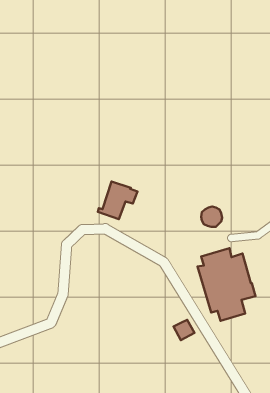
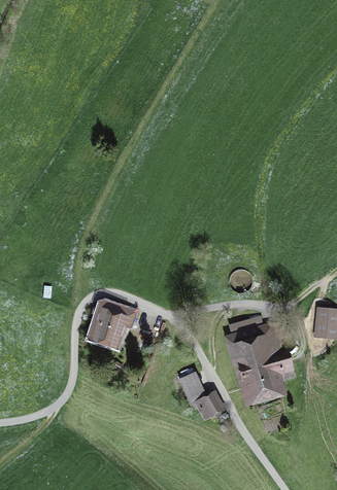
building: [98,181,137,219] -> [91,301,135,343]
building: none -> [178,372,206,402]

